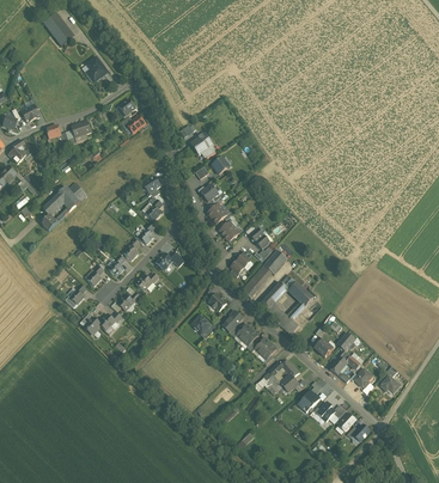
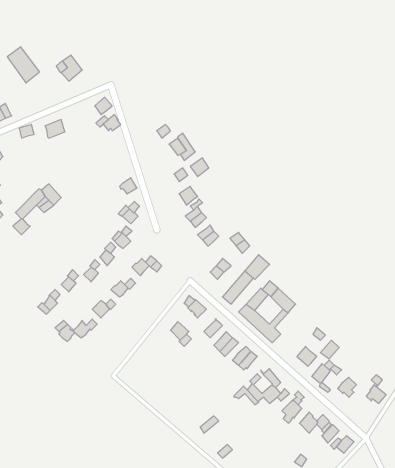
building: [43,12,74,47] -> [7,47,39,83]

